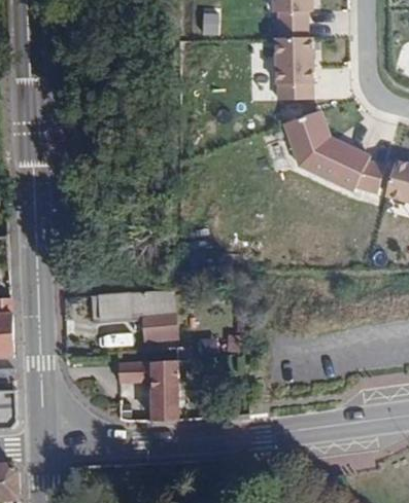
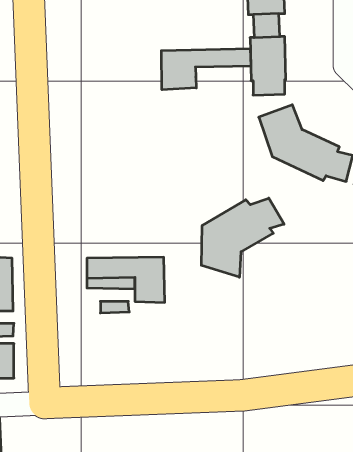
building: none -> [161,49,251,90]
building: none -> [201,198,284,277]
building: [117,359,179,418] -> none

